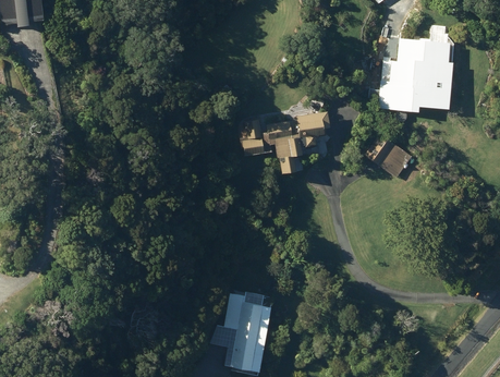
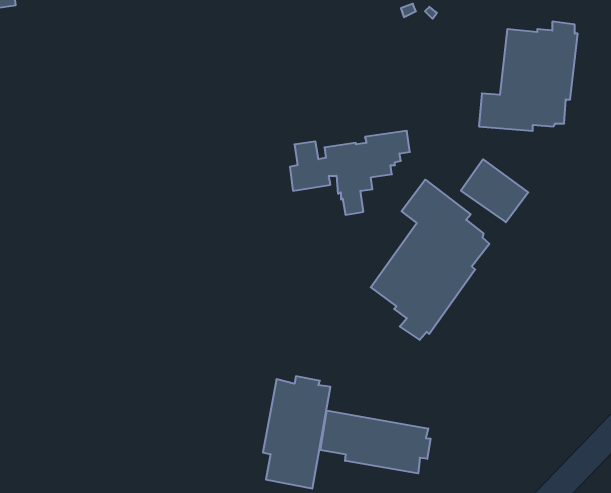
building: none -> [371,180,489,340]
building: none -> [321,411,431,473]

